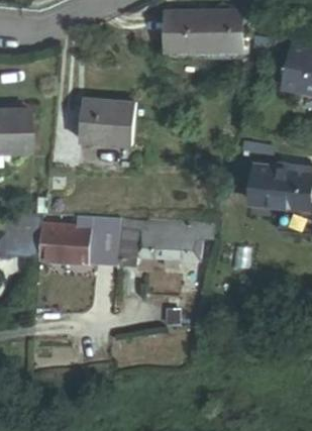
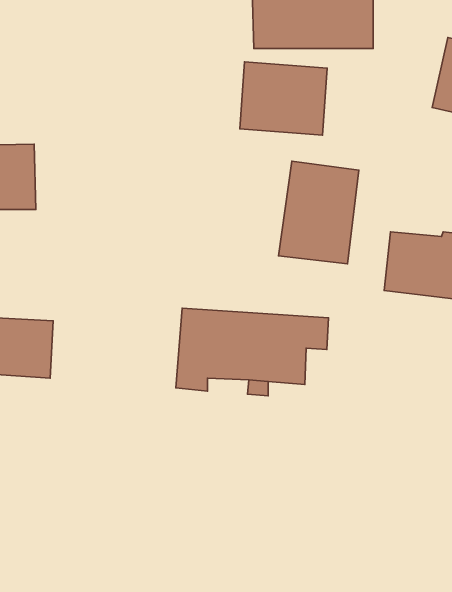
building: [79,99,134,145] -> [240,62,327,135]
building: none -> [279,161,359,264]
building: [39,214,121,264] -> none

